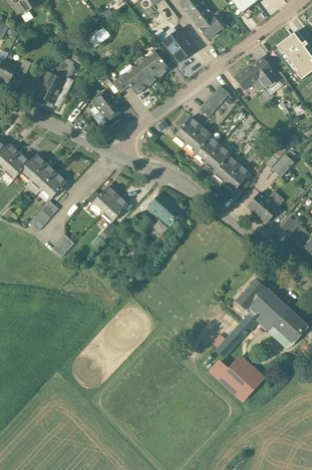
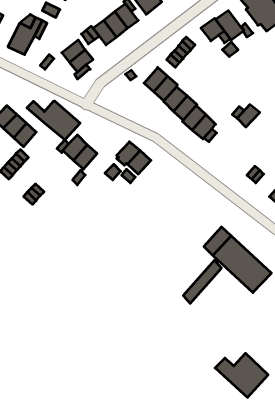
building: none -> [27,101,80,140]
building: [248,192,278,222] -> none
building: [209,356,263,401] -> [215,353,268,397]

